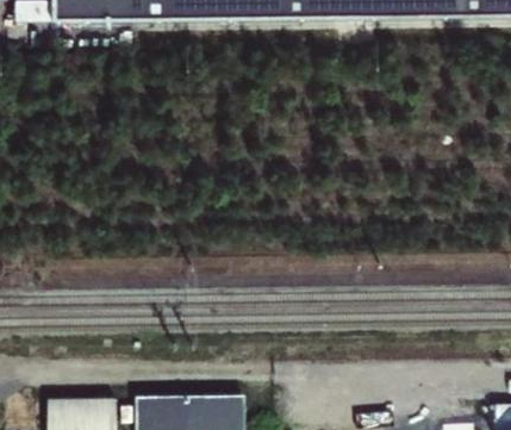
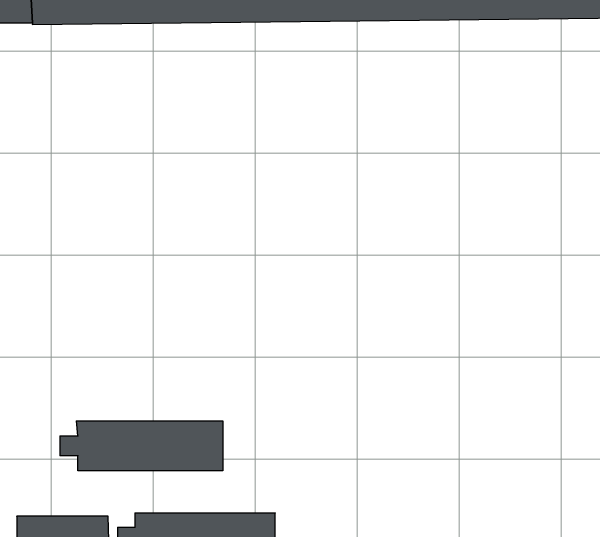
building: none -> [60,421,223,471]

